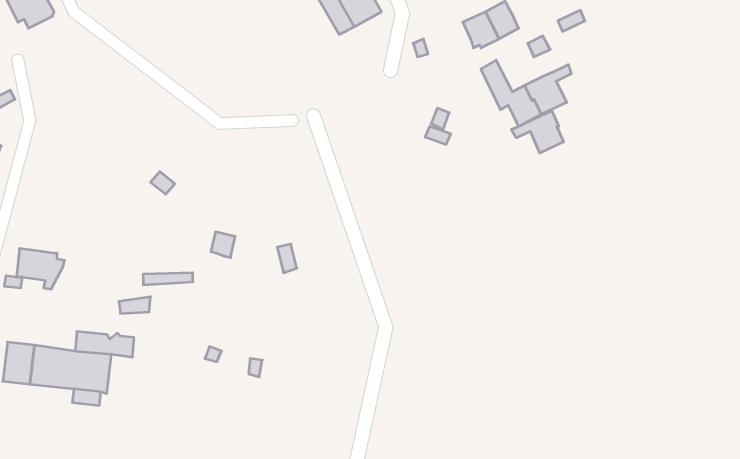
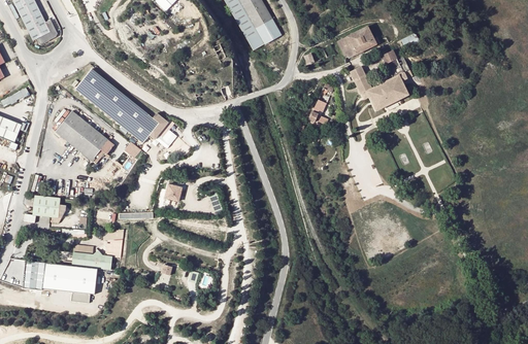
building: none -> [74,68,167,143]
building: [511,111,564,153] -> none
building: none -> [53,109,112,164]

